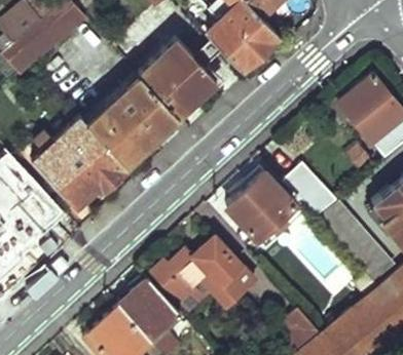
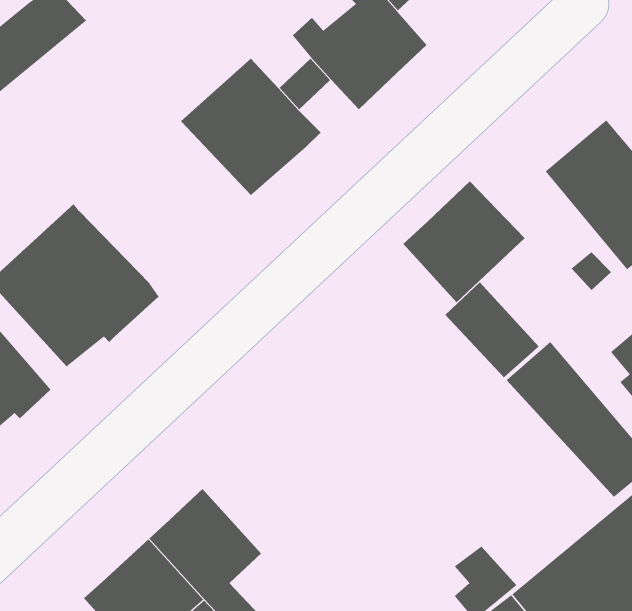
building: [81,74,176,163] -> none
building: [228,170,296,238] -> [403,180,526,303]
building: [152,237,254,300] -> none

